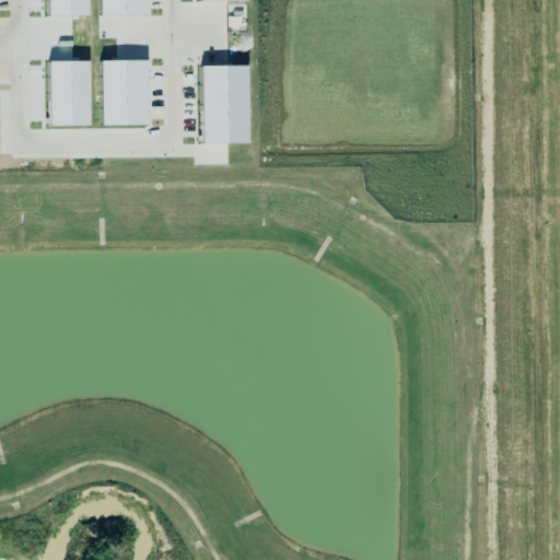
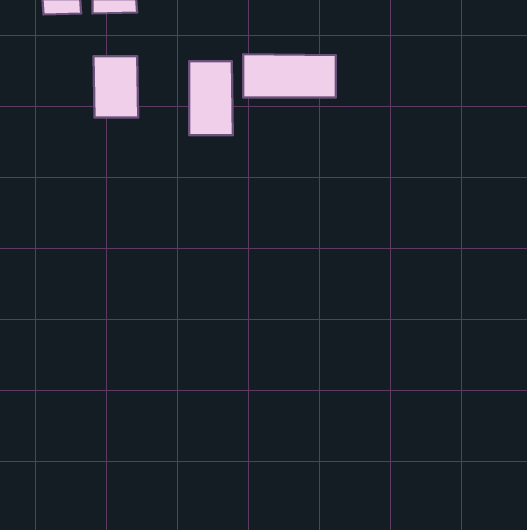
building: none -> [243,54,336,98]
building: [50,59,91,125] -> none

